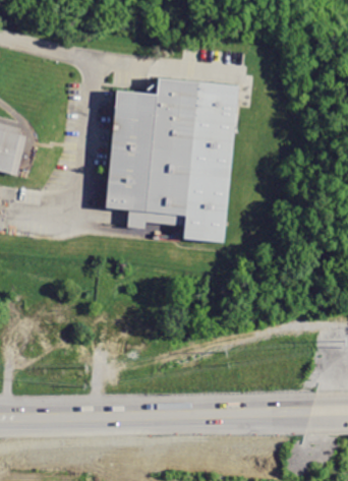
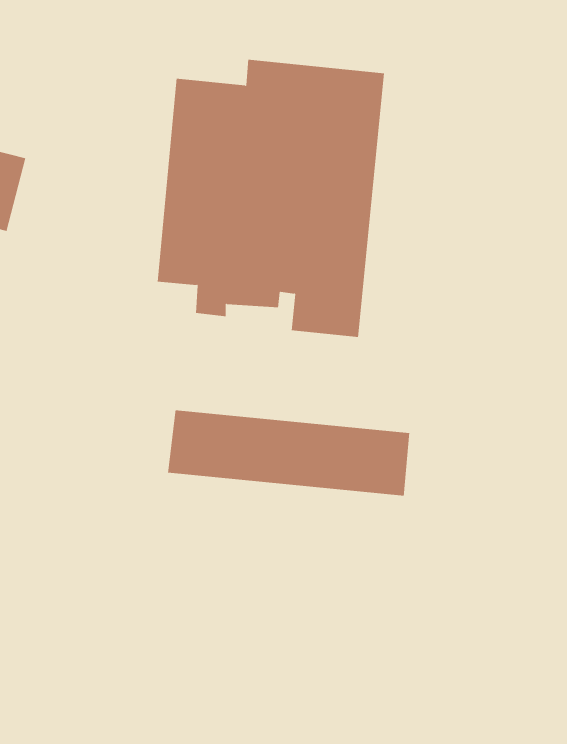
building: none -> [168,410,410,496]

